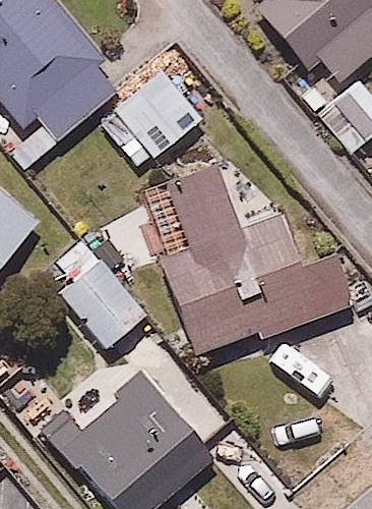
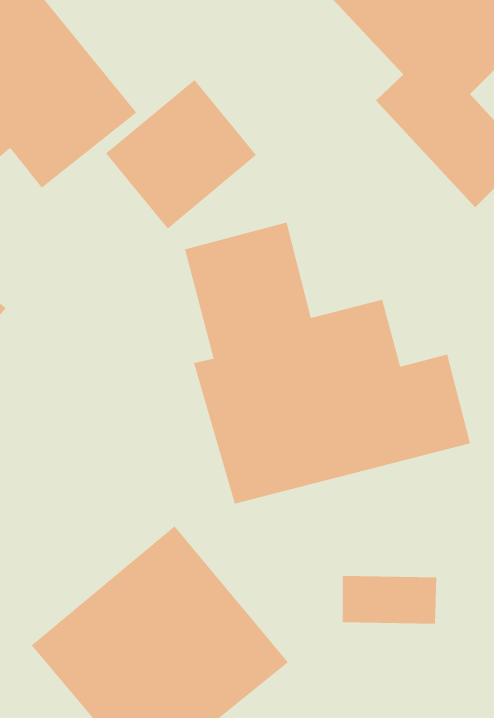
building: [47,246,149,350] -> none

